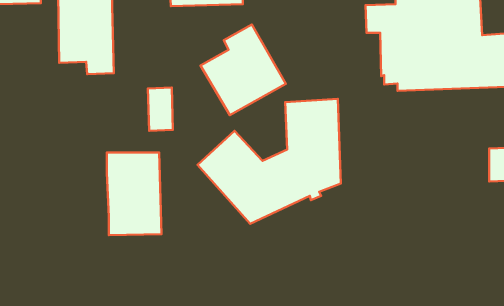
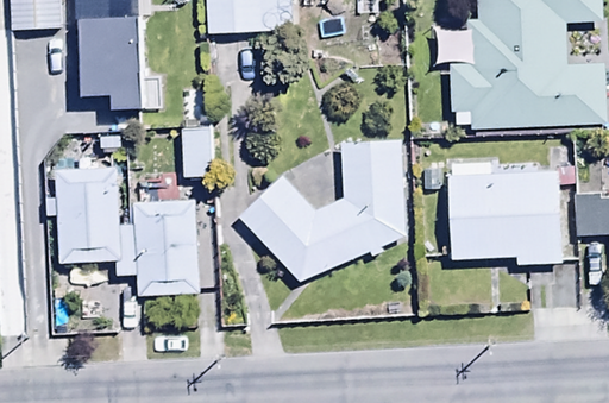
building: [200,25,286,115] -> none
building: none -> [448,160,561,263]
building: none -> [45,168,138,273]

